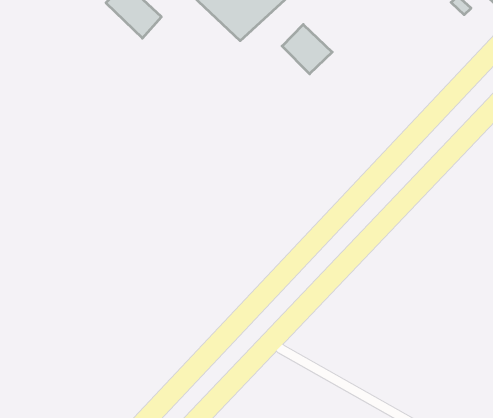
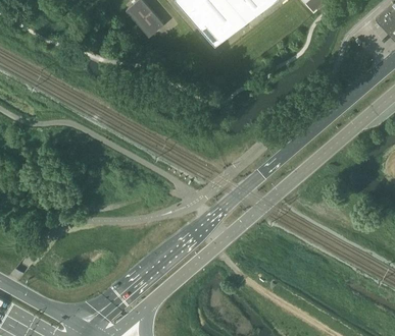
building: [282,24,332,74] -> none

